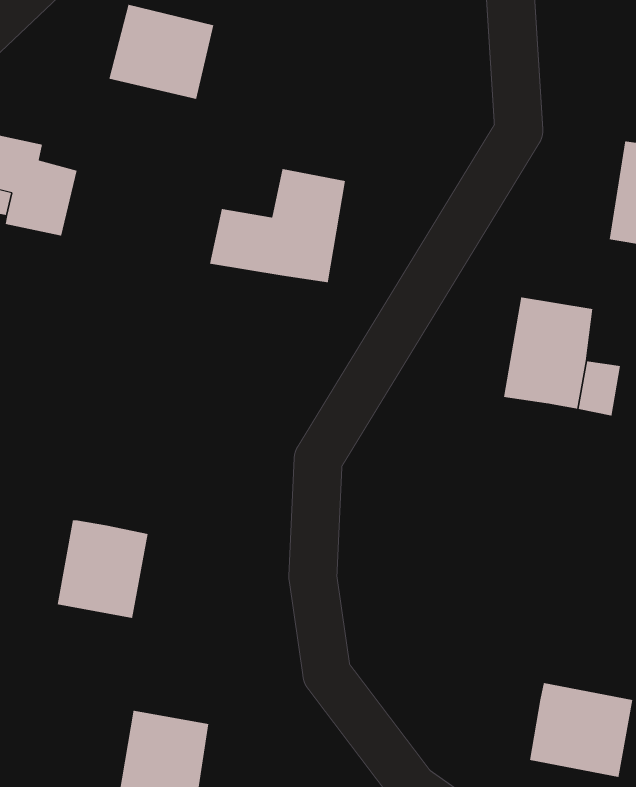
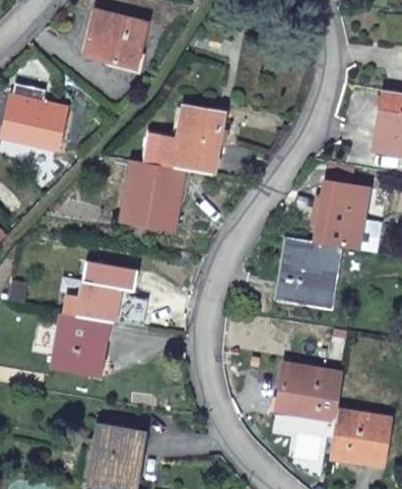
building: none -> [122,162,185,228]
building: none -> [278,238,341,307]
building: none -> [64,263,138,323]
building: none -> [278,364,344,420]

